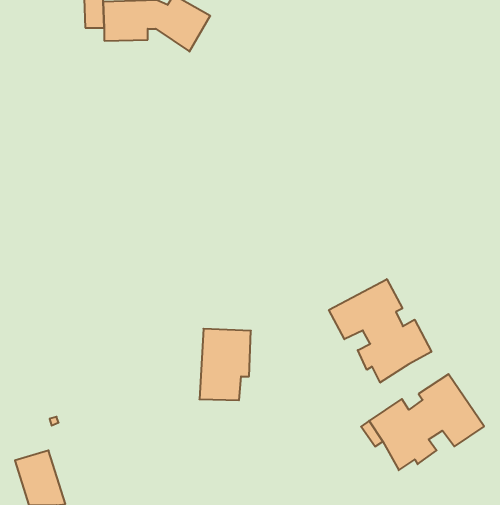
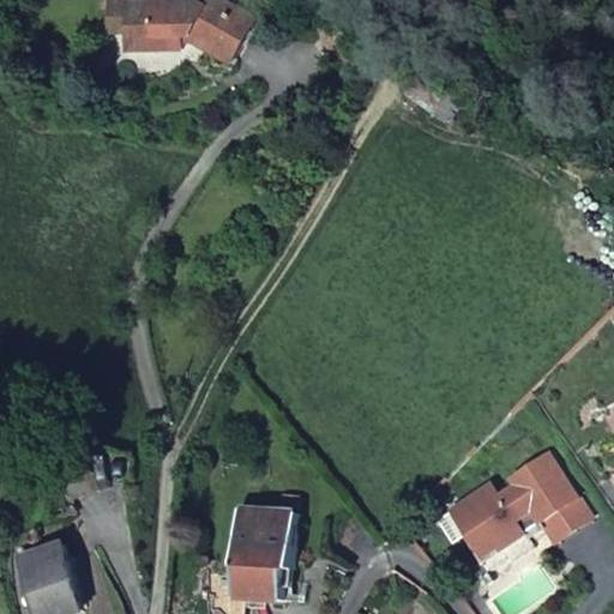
building: [329,279,431,383] -> none
building: [199,329,251,400] -> [234,504,296,590]

